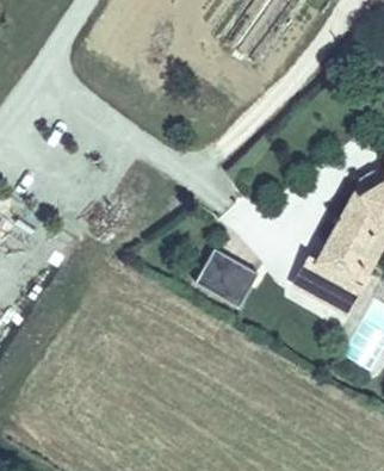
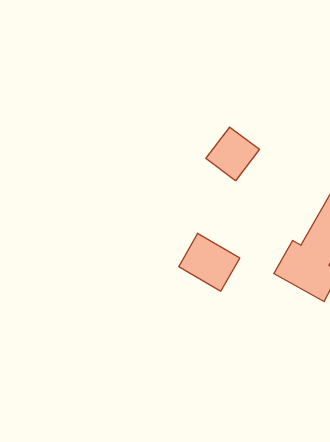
building: none -> [206,127,259,181]

